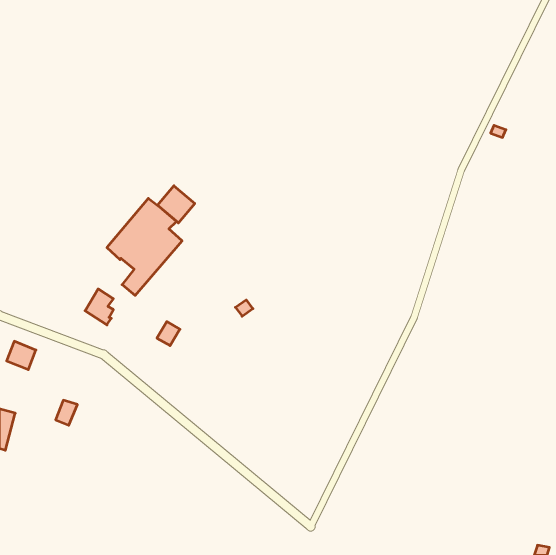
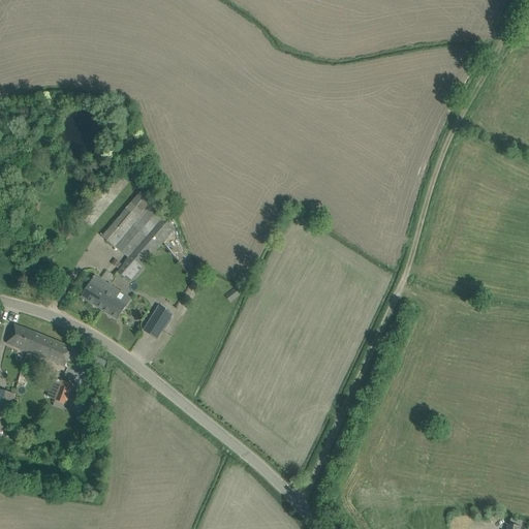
building: [158,186,195,223] -> none
building: none -> [101,283,130,317]
building: none -> [27,332,71,365]

